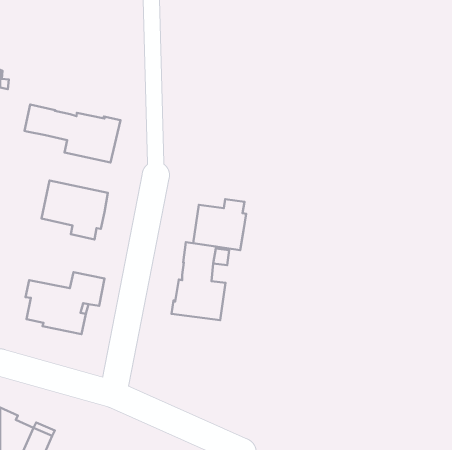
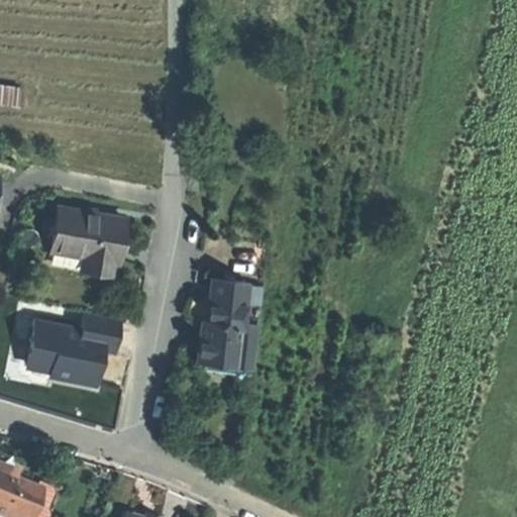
building: [25,105,120,162] -> none
building: [193,199,246,250] -> none

